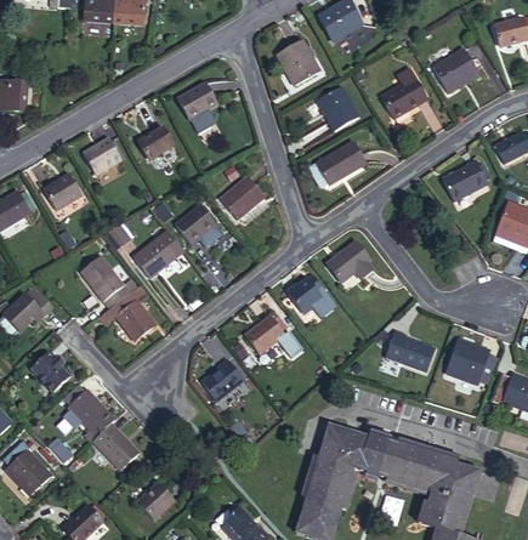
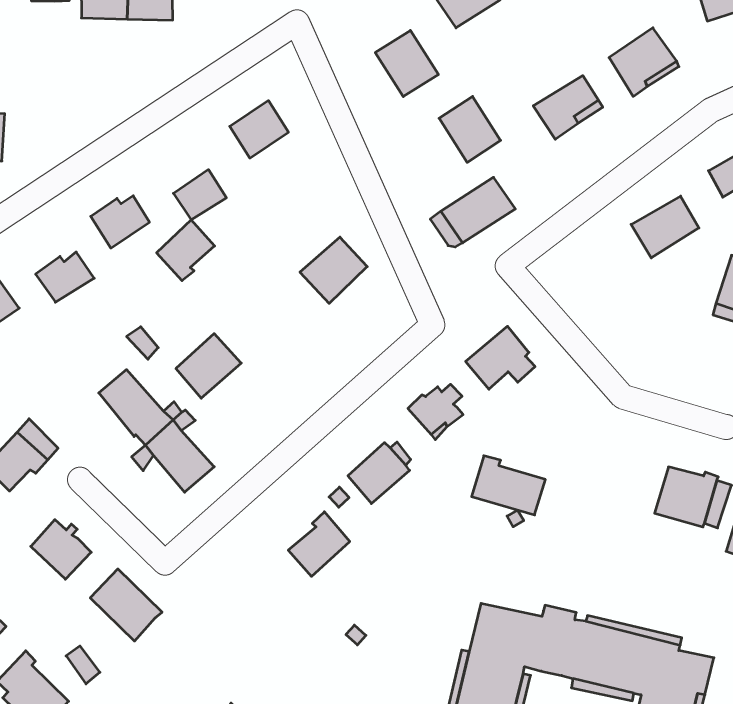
building: [176,204,215,244] -> [157,220,215,281]
building: [385,329,435,370] -> [472,456,545,515]
building: [92,422,138,471] -> none

